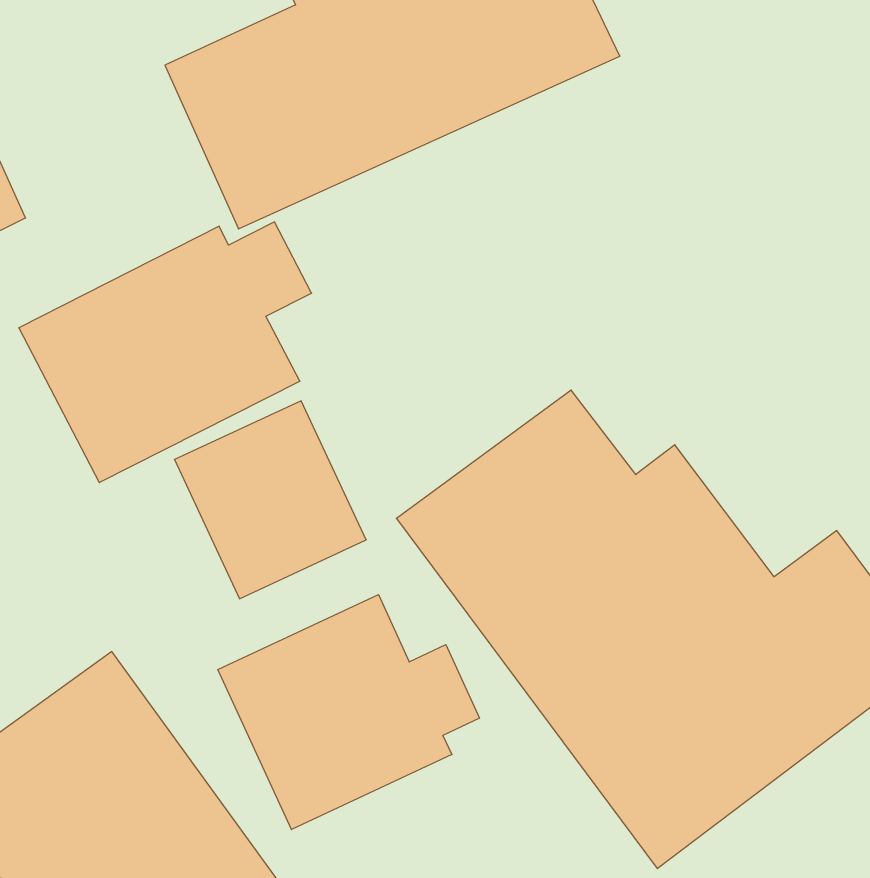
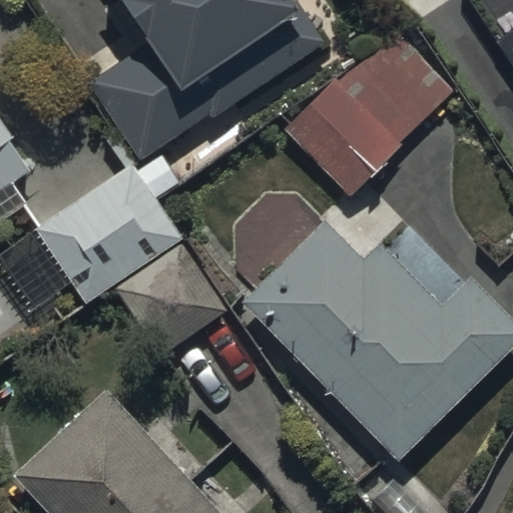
building: none -> [285,30,451,196]
building: [218,595,479,830] -> none

